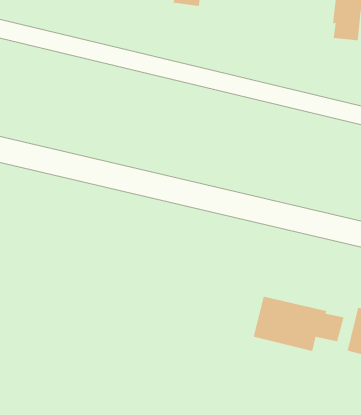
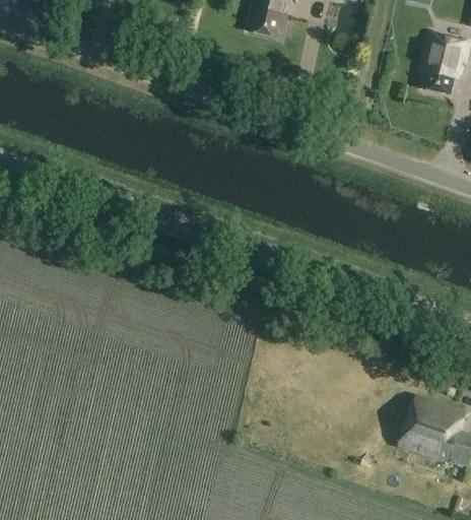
building: [253,296,344,352] -> none

